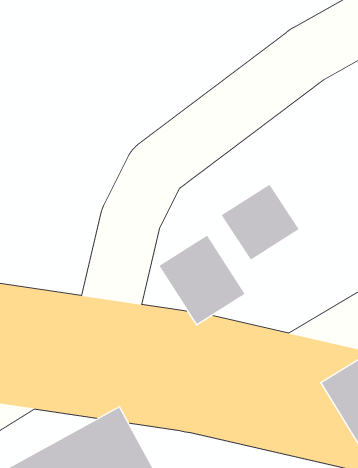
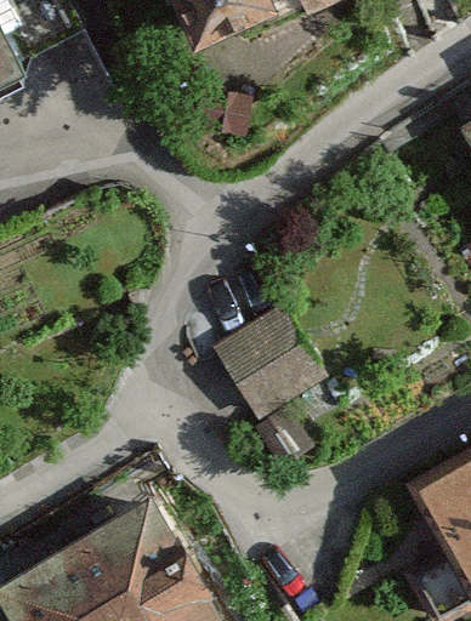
building: [221,184,299,261] -> none

